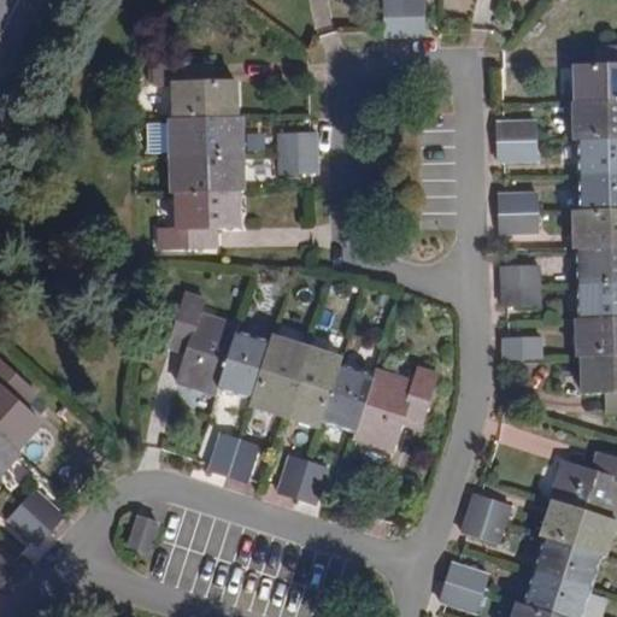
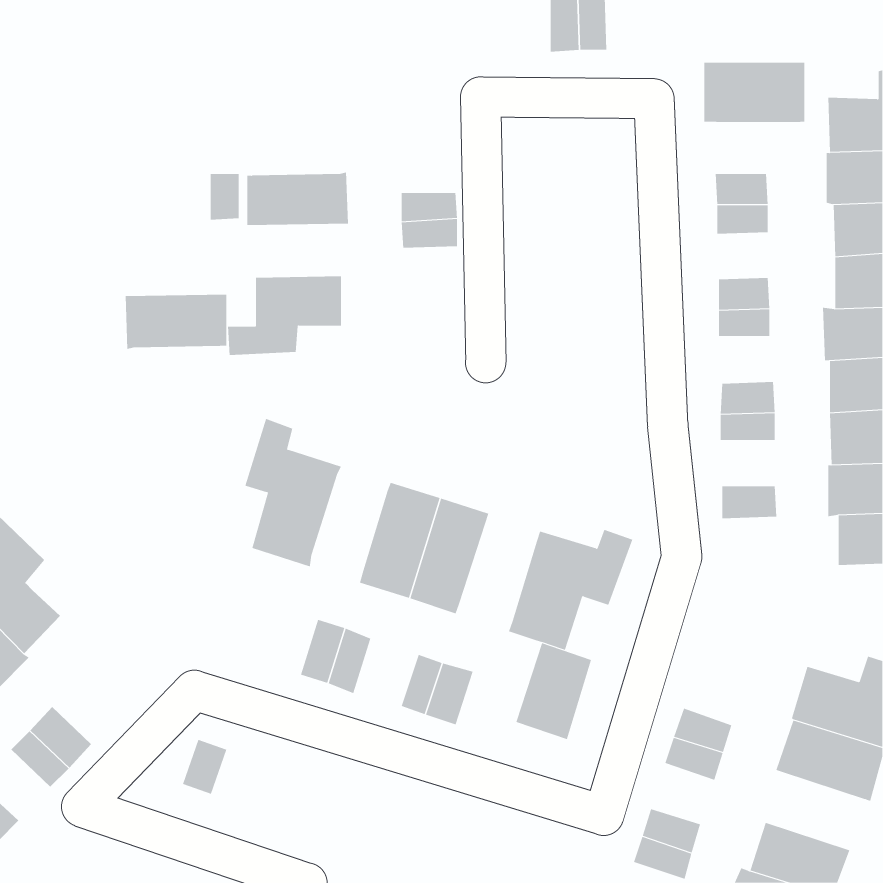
building: none -> [704,62,805,123]
building: [155,61,236,122] -> none
building: [171,155,242,194] -> [125,294,227,350]
building: [217,329,269,396] -> none
building: [319,364,372,431] -> [515,643,592,740]
building: [531,536,601,590] -> none

